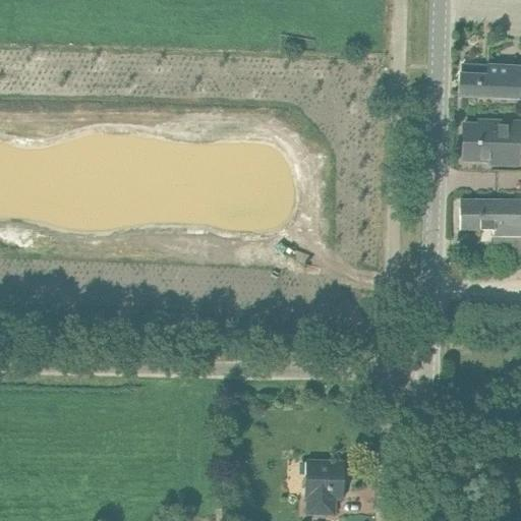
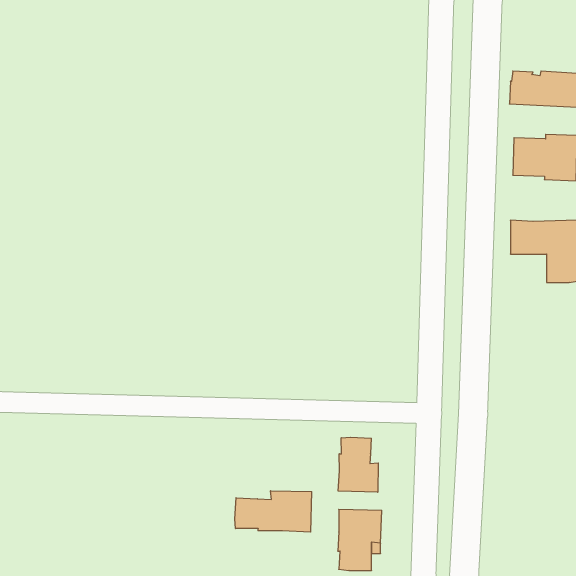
building: none -> [338,437,378,492]
building: none -> [235,491,312,532]

